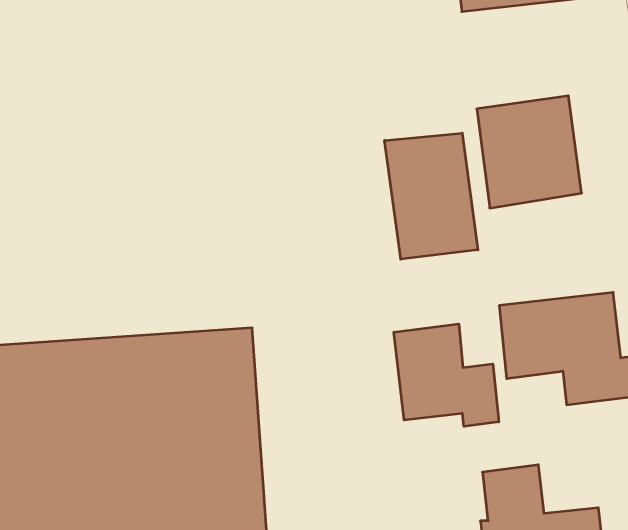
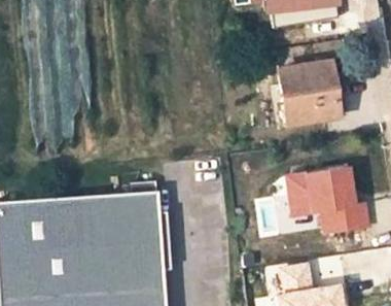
building: [385,133,478,259] -> none
building: [394,324,499,426] -> none

